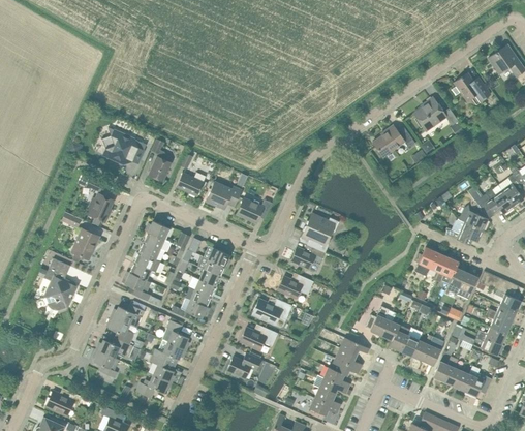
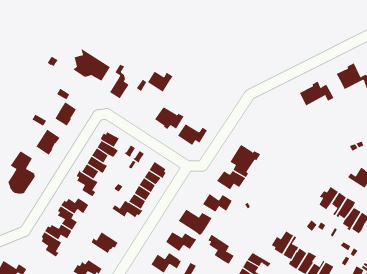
building: [177,172,207,196] -> [147,71,174,92]
building: [162,319,190,350] -> none
building: none -> [207,234,235,265]
building: [150,355,176,383] -> none

